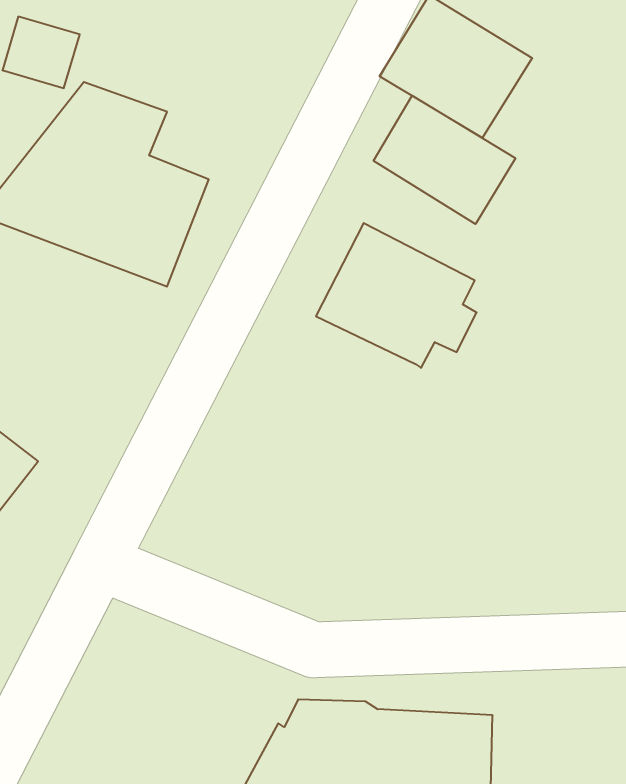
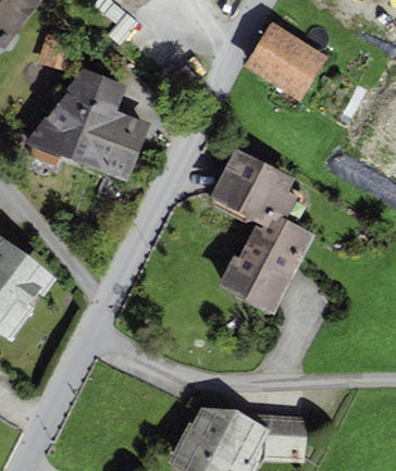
building: [374,96,515,224] -> none
building: none -> [215,212,315,315]

